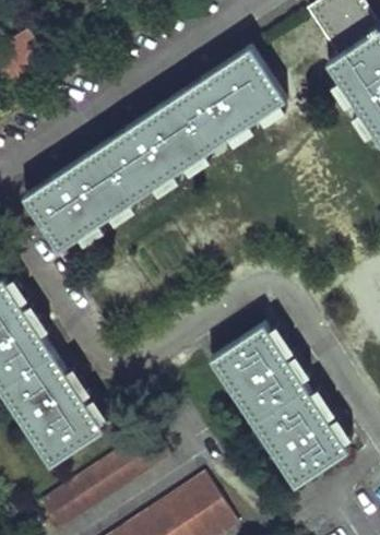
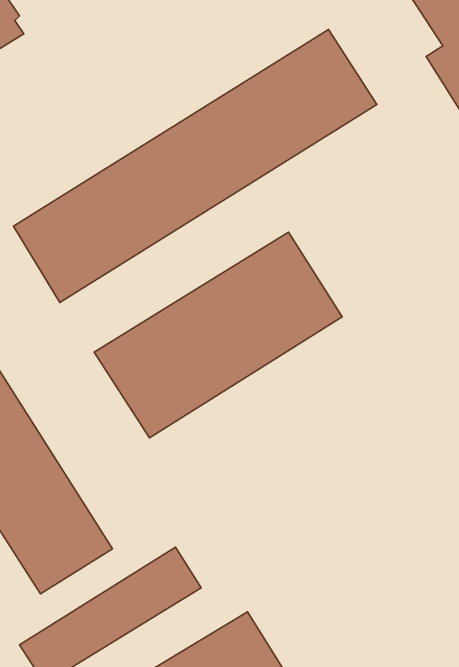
building: none -> [94,232,342,438]
building: [211,329,345,490] -> none

